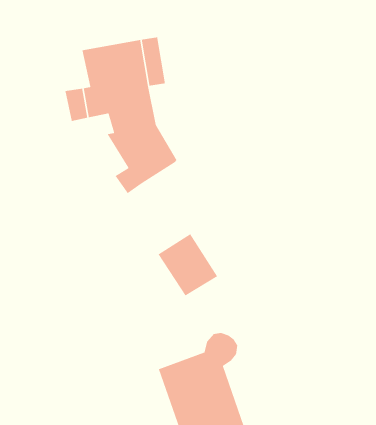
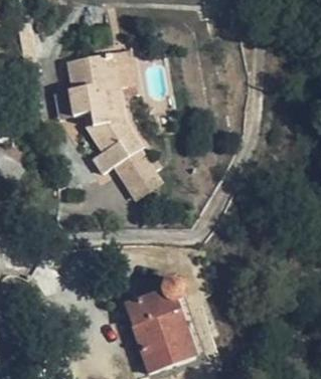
building: [158,233,218,296] -> [114,149,160,197]

